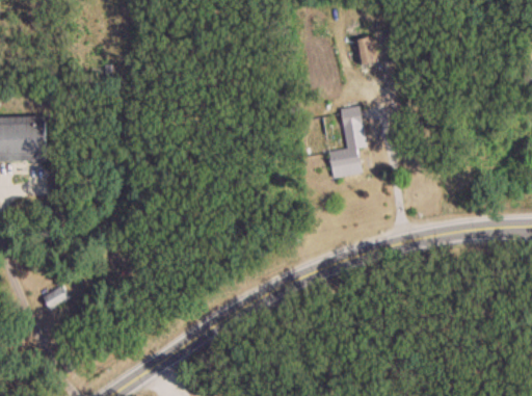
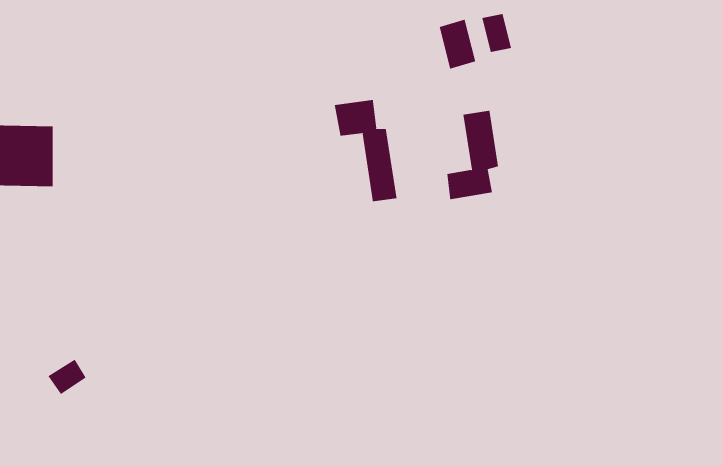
building: none -> [439,19,476,70]
building: none -> [334,99,397,202]

